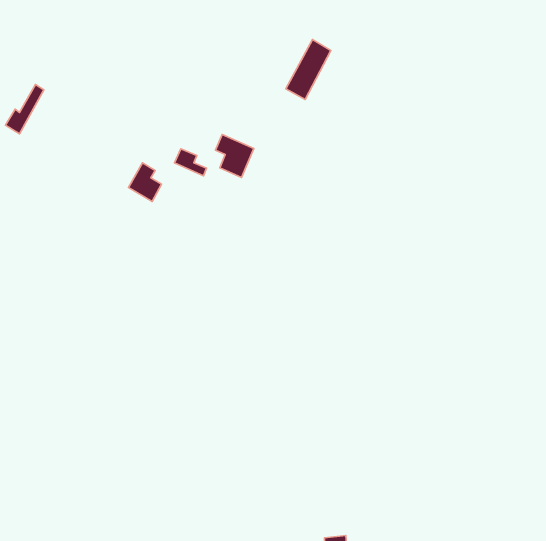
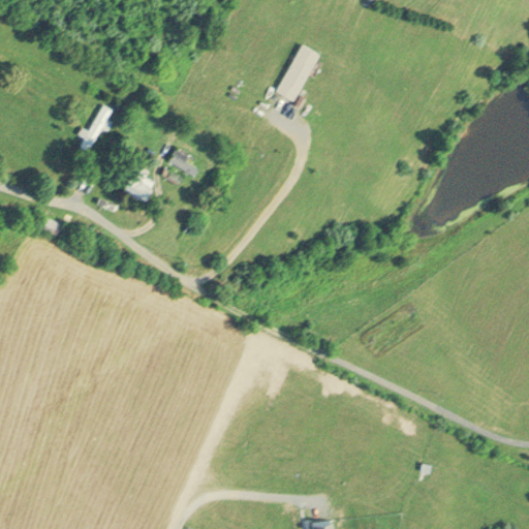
building: [5,85,44,134] -> [74,105,112,153]
building: [216,134,254,177] -> none

